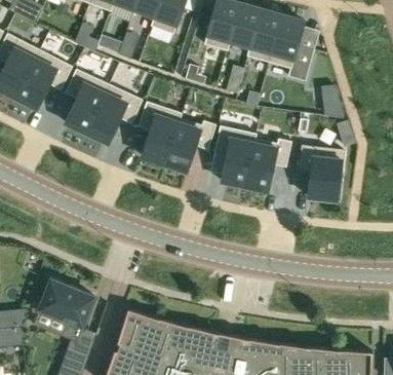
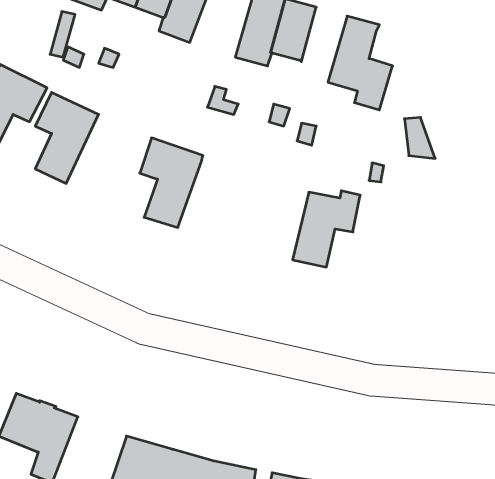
building: [246,9,282,63] -> none
building: [86,84,143,143] -> none
building: [164,117,215,172] -> none
building: [214,125,257,186] -> none
building: [300,144,344,200] -> none

